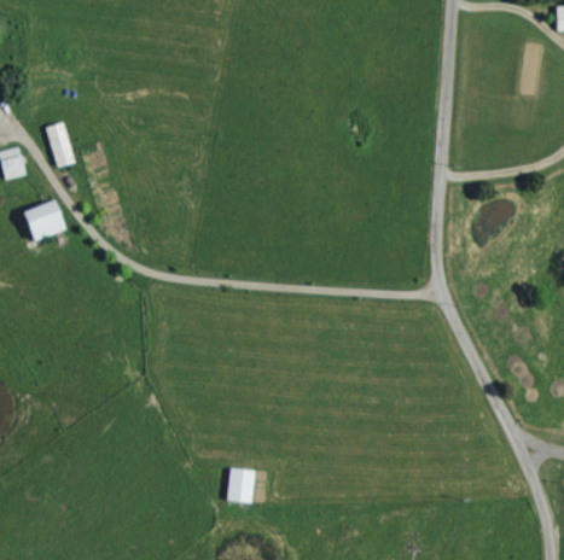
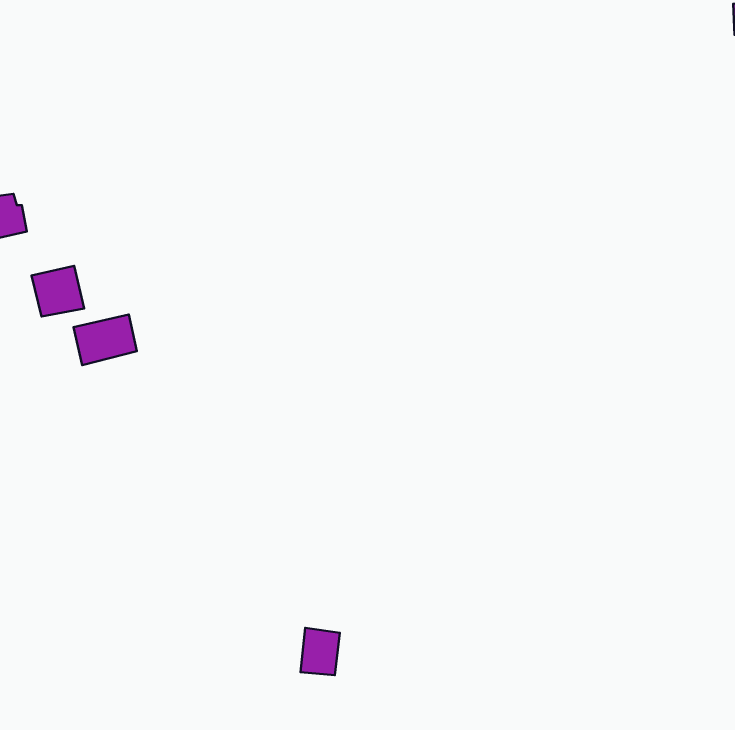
building: [46,122,74,167] -> none
building: none -> [73,314,137,365]

